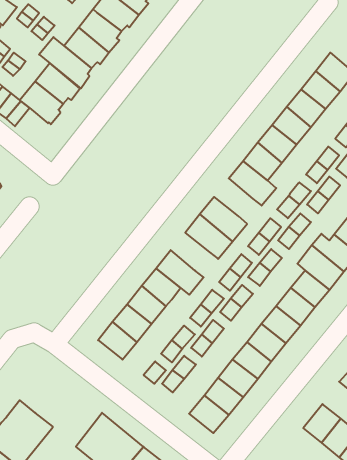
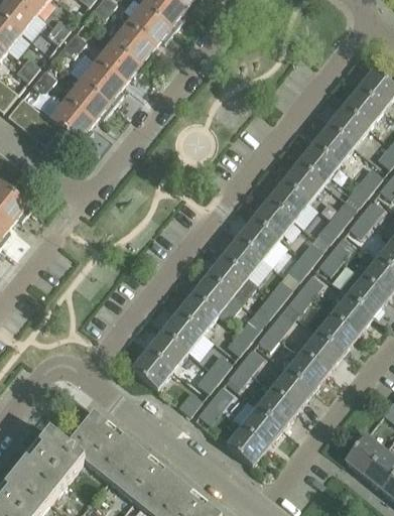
building: none -> [252,201,292,240]
building: none -> [207,257,247,296]
building: none -> [65,410,135,480]

